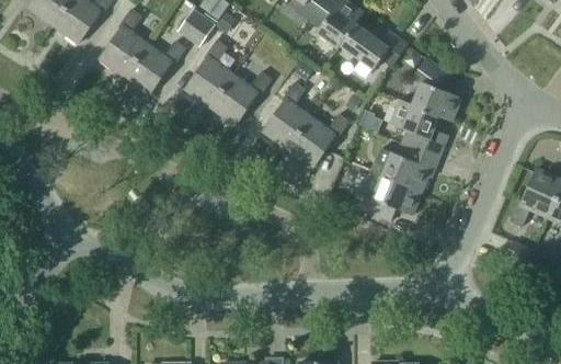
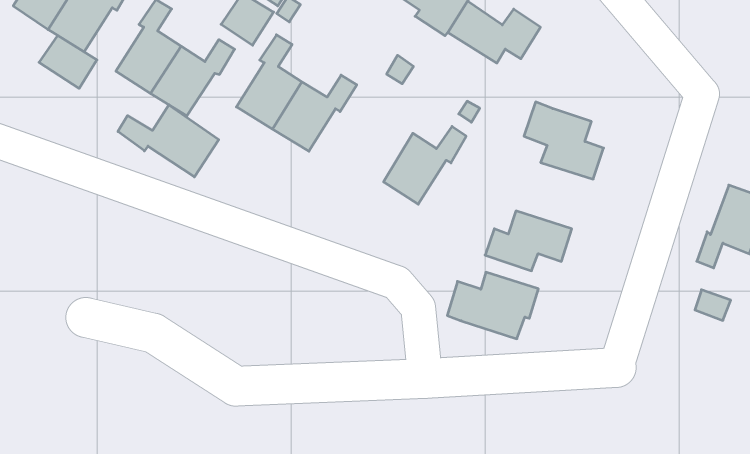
building: none -> [39,35,97,88]
building: [413,57,461,118] -> none
building: [263,80,311,149] -> none
building: none -> [118,105,219,177]
building: [373,141,439,191] -> [447,272,538,339]

